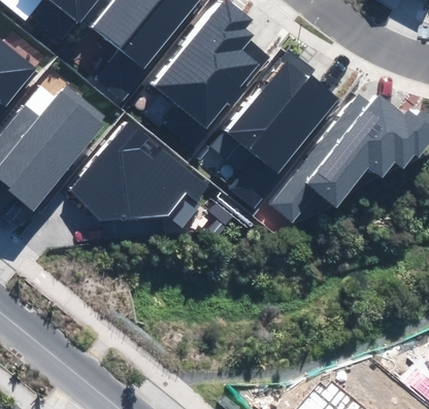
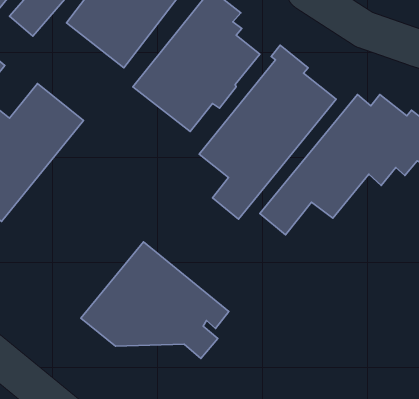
building: [70,122,206,229] -> [81,242,229,359]

